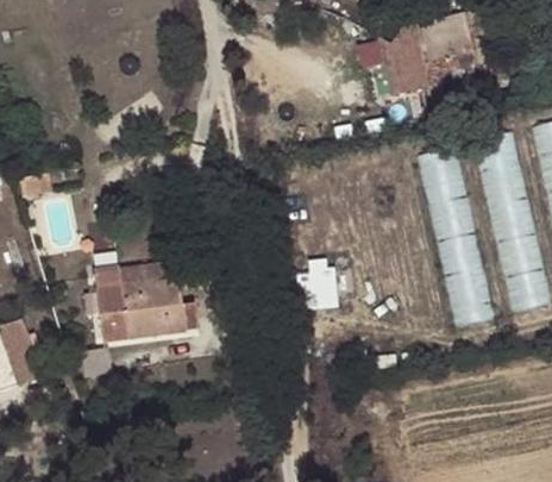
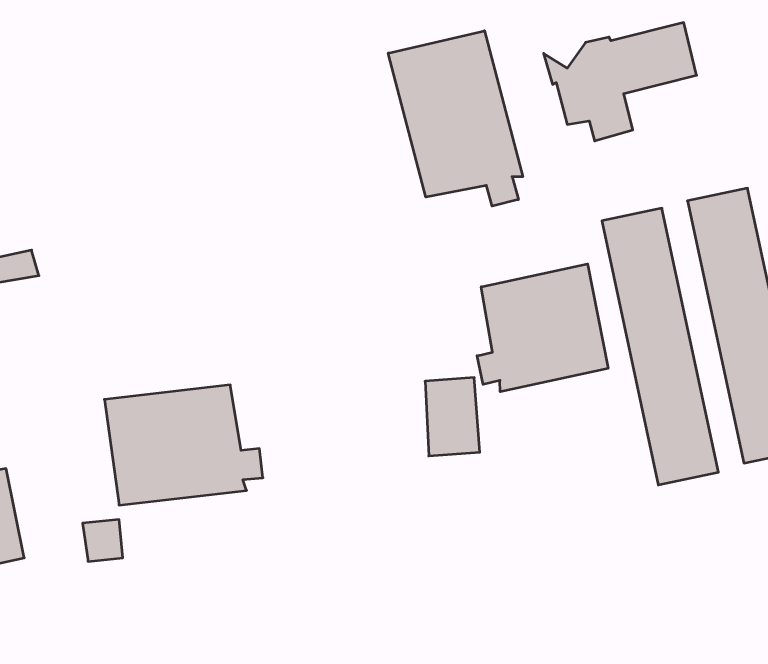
building: none -> [388,31,523,206]
building: none -> [477,264,608,392]

